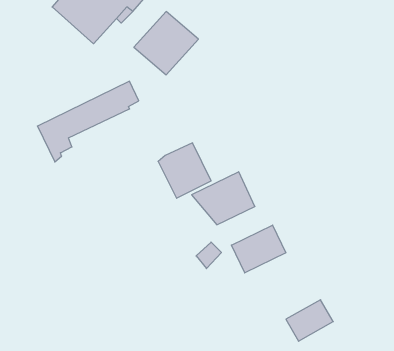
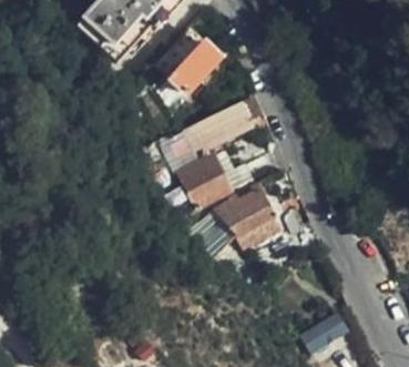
building: [37,81,139,162] -> [163,98,260,175]
building: [231,225,286,273] -> none

